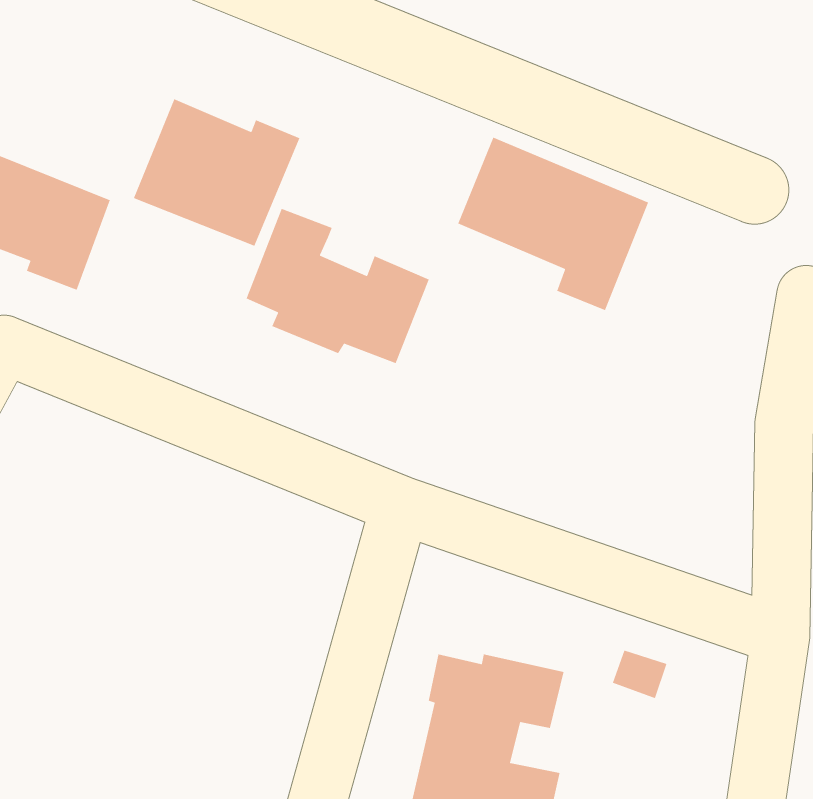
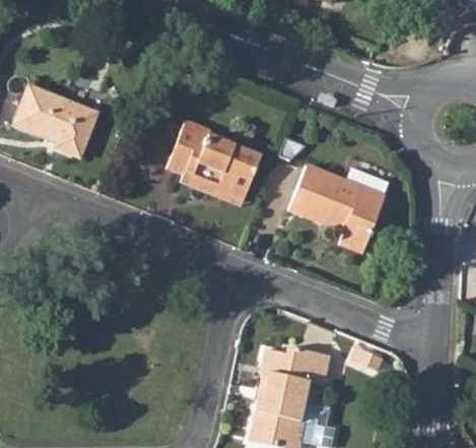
building: [133,98,300,247] -> none
building: [457,137,649,311] -> [289,163,388,252]

